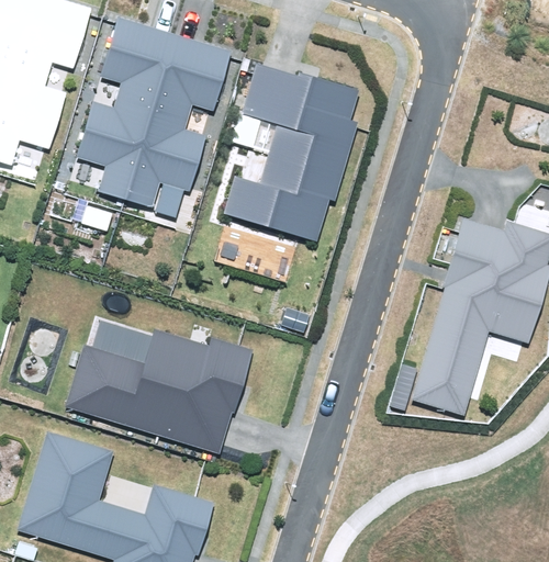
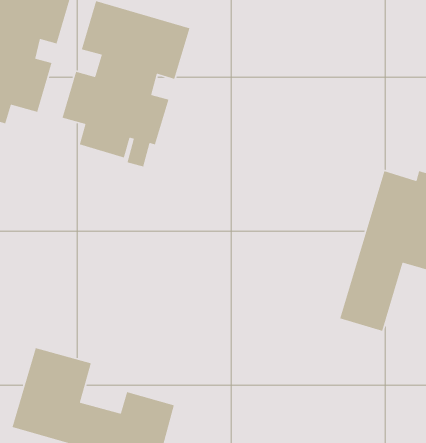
building: [222,65,358,241] -> none
building: [65,323,254,454] -> none

